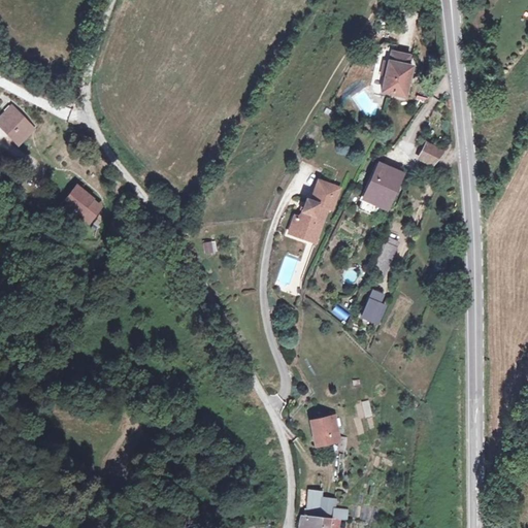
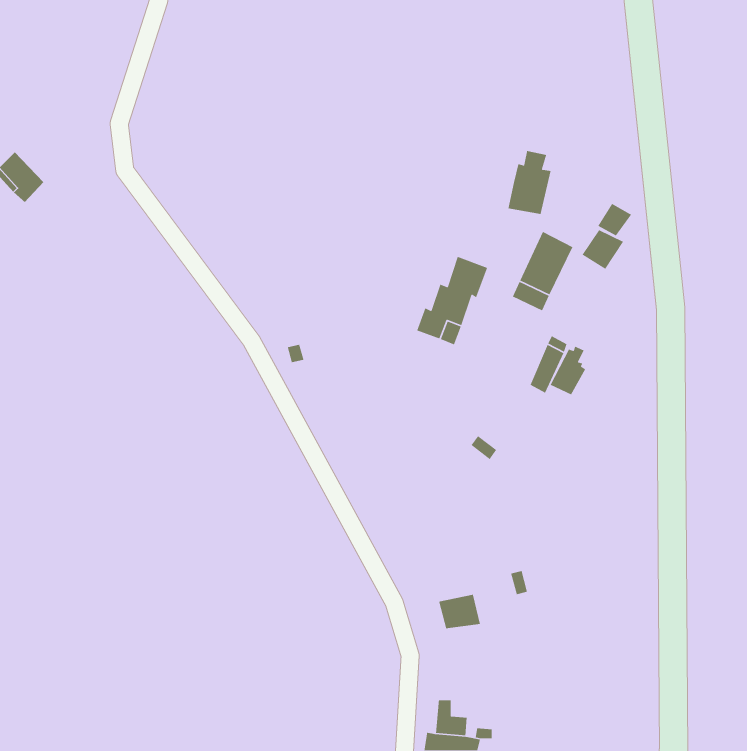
building: [384,53,415,98] -> [507,150,552,215]
building: none -> [581,229,624,270]
building: [67,185,99,214] -> none
building: [360,289,386,324] -> [550,346,586,396]

